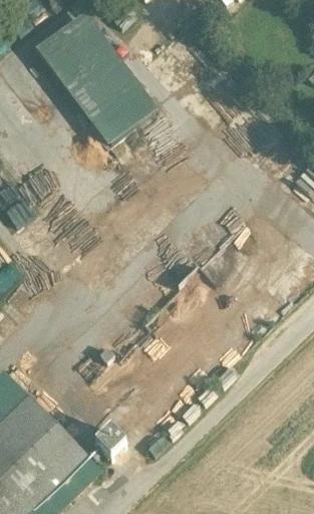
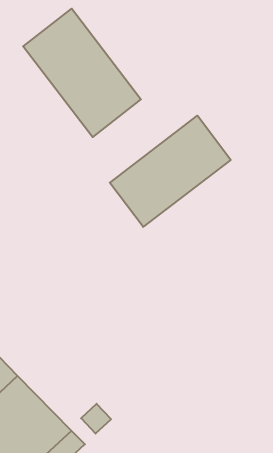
building: none -> [110,116,231,227]

